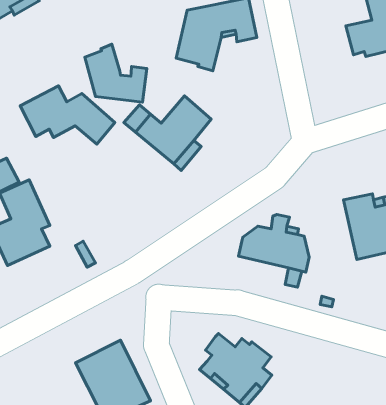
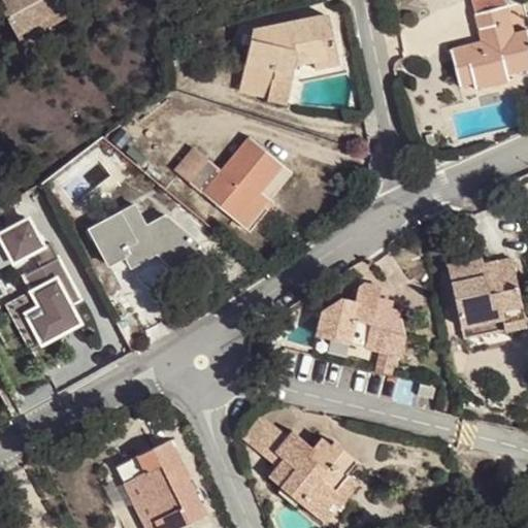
building: [85,44,147,102] -> none
building: [20,86,115,144] -> [89,204,206,276]
building: none -> [242,414,288,466]

